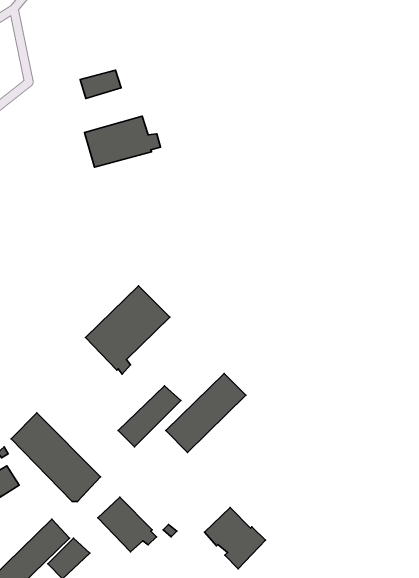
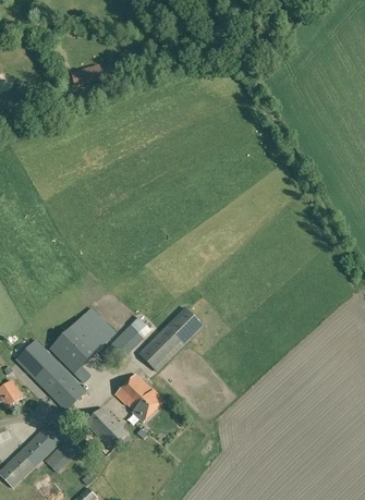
building: [84,116,160,167] -> none
building: [86,286,170,374] -> [48,306,115,377]
building: [204,508,265,569] -> [114,374,163,423]

